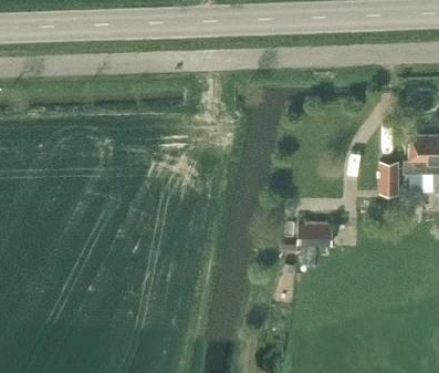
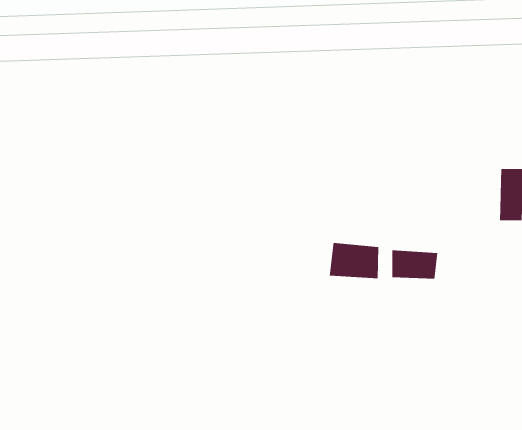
building: none -> [329,242,379,279]

